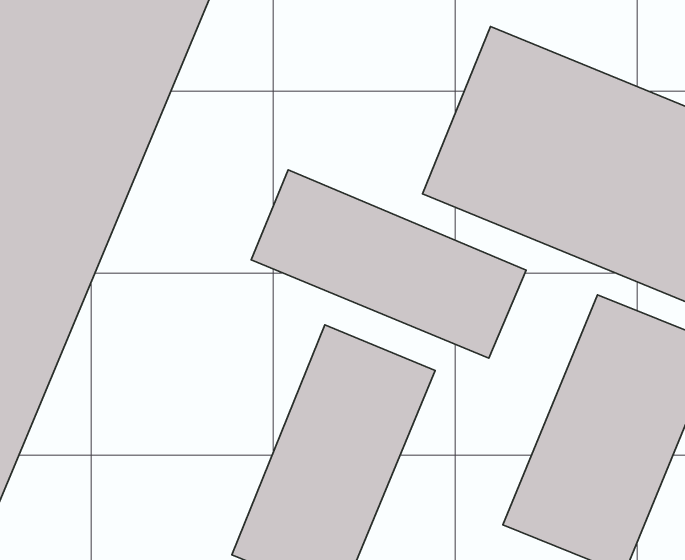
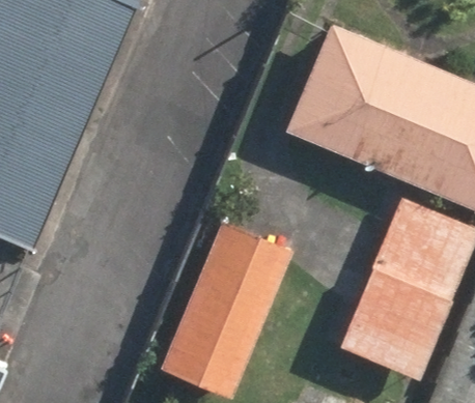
building: [251,170,526,358] -> none

